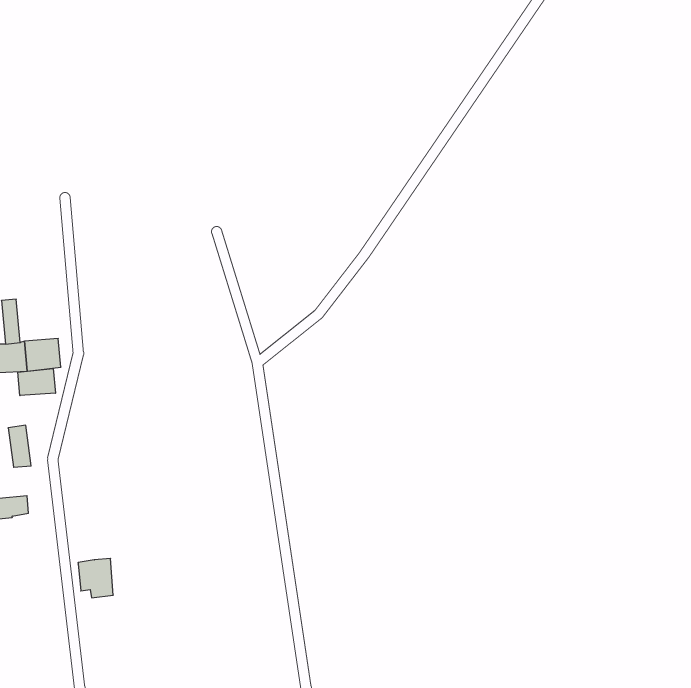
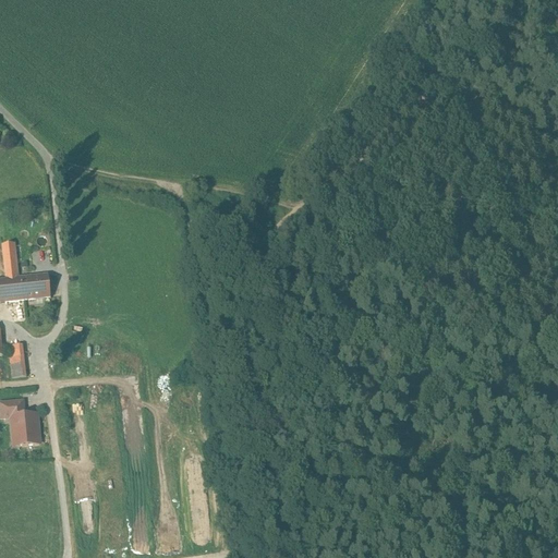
building: [18,368,55,396] -> none
building: [78,558,113,598] -> [10,412,38,444]

